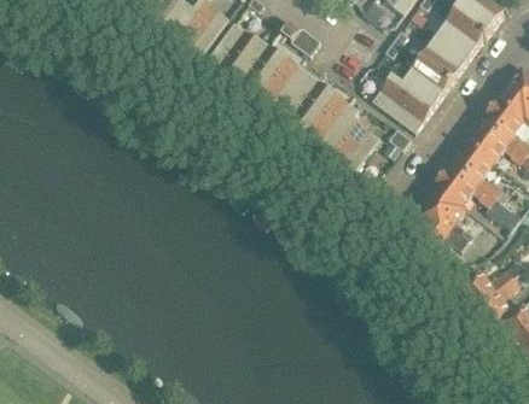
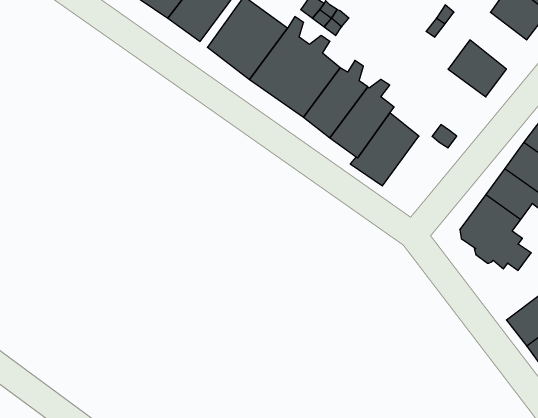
building: [422,35,469,82] -> none
building: [373,75,435,131] -> none

